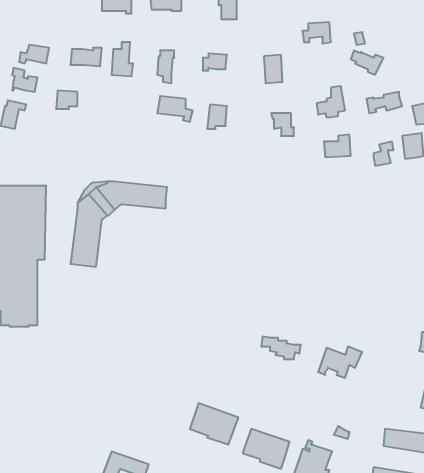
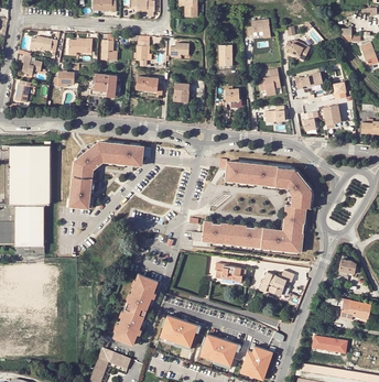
building: none -> [90,73,117,96]
building: none -> [191,161,314,251]
building: none -> [116,274,158,345]

